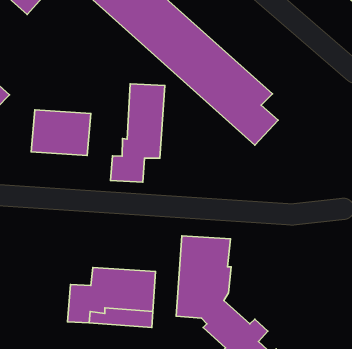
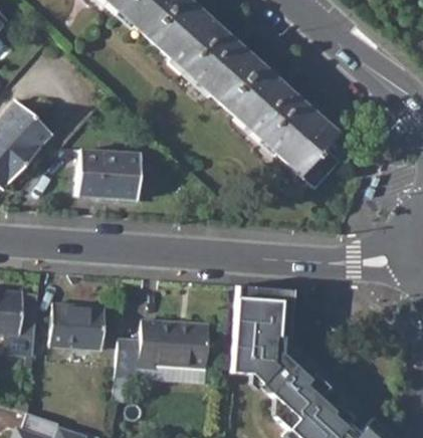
building: [111,84,165,182] -> none
building: none -> [48,302,105,349]

